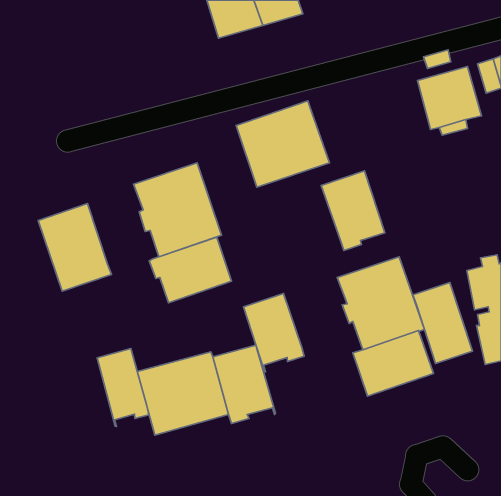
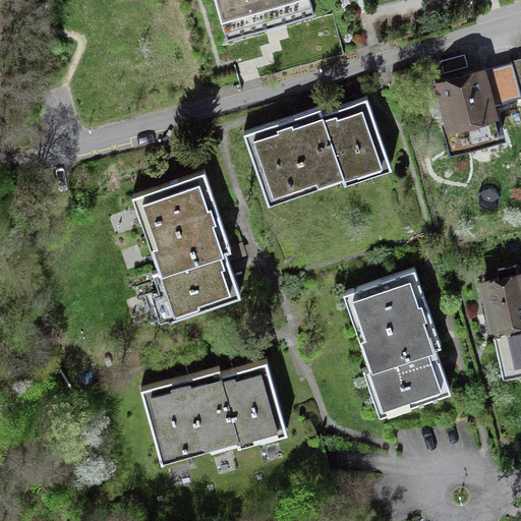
building: [321,171,385,250] -> [322,101,388,183]
building: [38,204,112,291] -> none
building: [413,282,473,363] -> none
building: [244,293,304,372] -> none
building: [97,348,149,427] -> none

